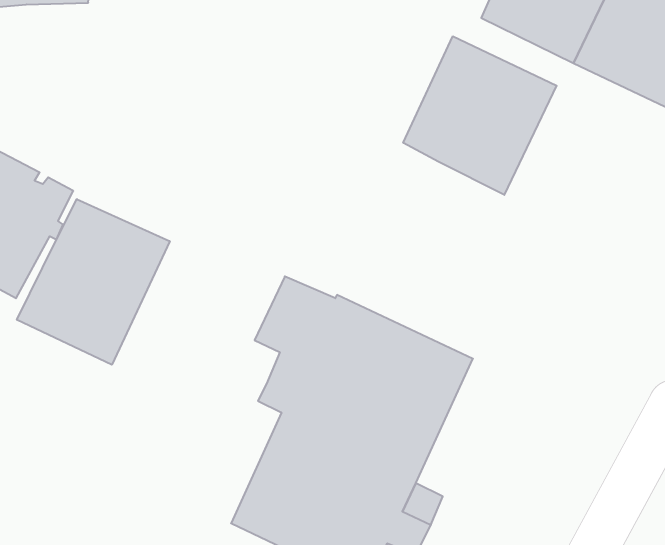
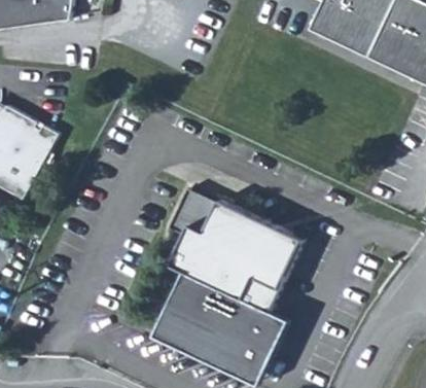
building: [403,36,557,195] -> none
building: [17,199,170,365] -> none

